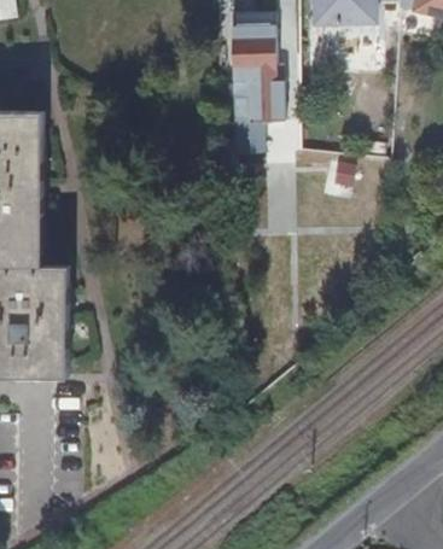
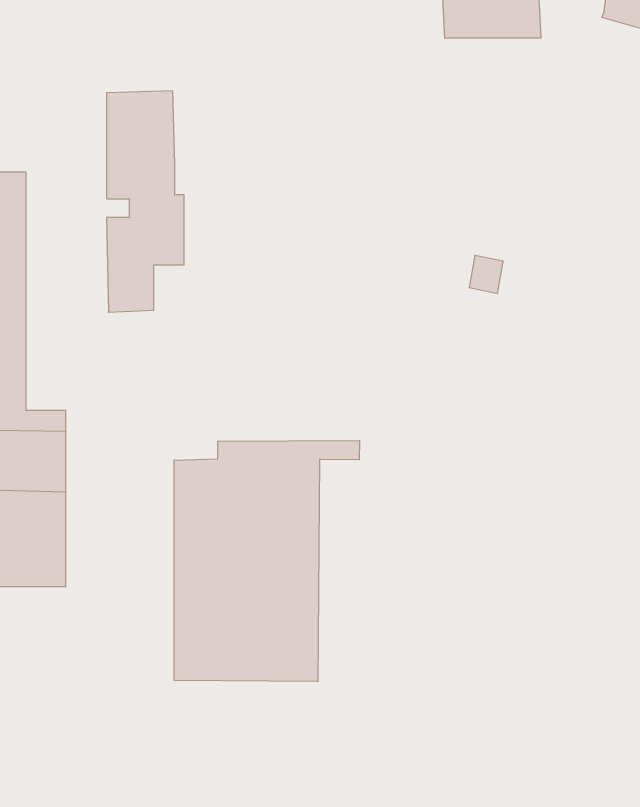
building: [232,16,281,157] -> [107,91,184,312]
building: none -> [174,440,359,682]

